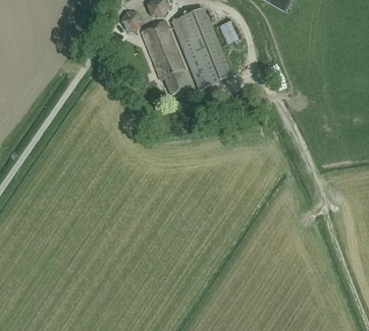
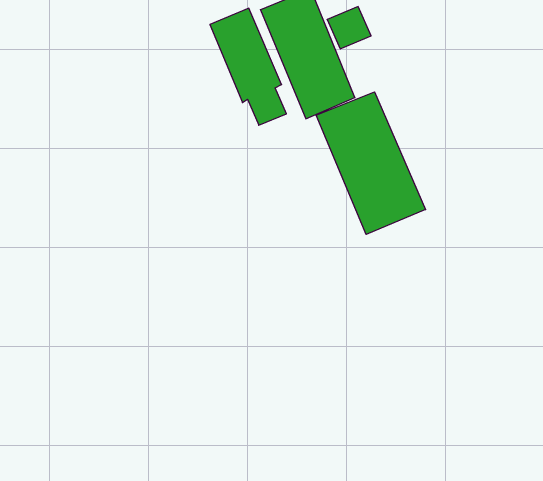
building: none -> [316,92,426,234]

